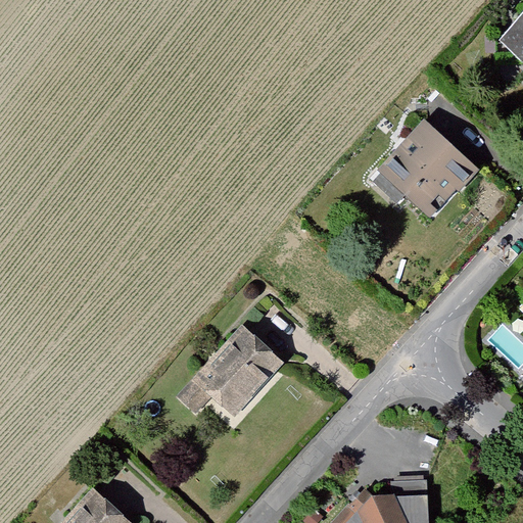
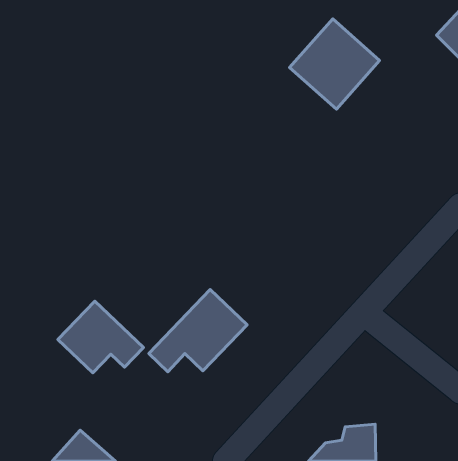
building: [376,121,478,223] -> [289,19,380,109]
building: none -> [58,301,143,373]

